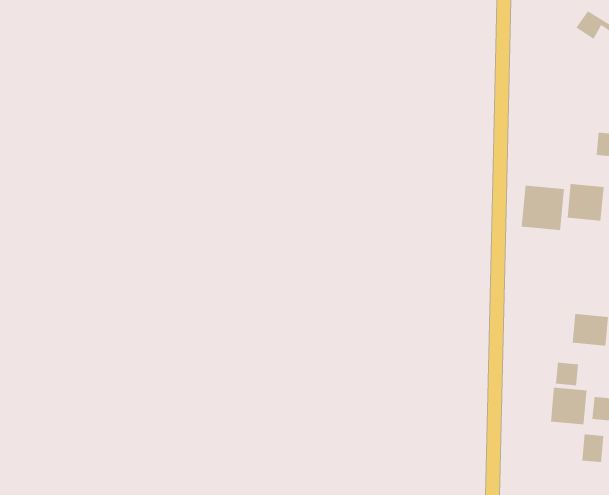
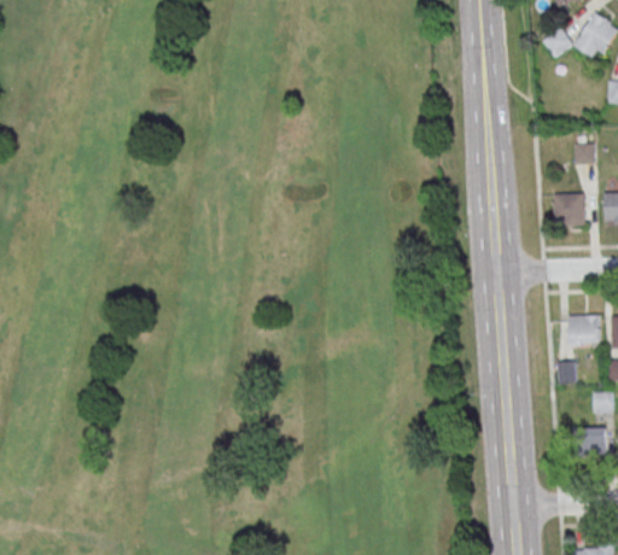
building: [521,185,564,231] -> none
building: [550,387,587,425] -> none

